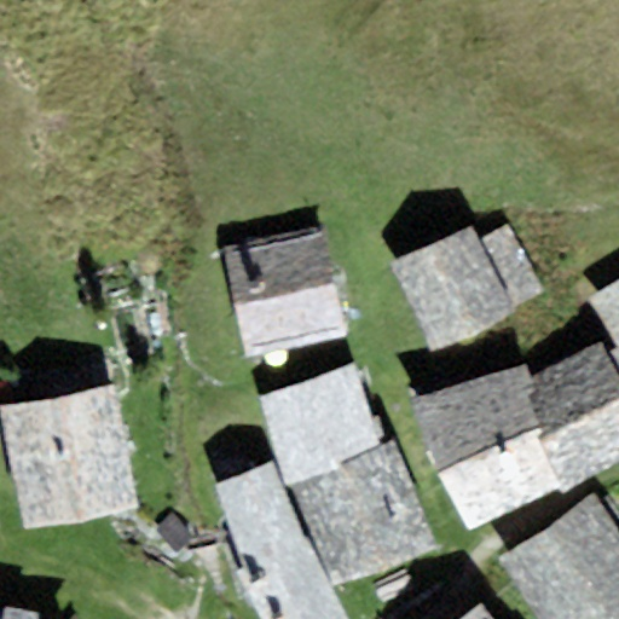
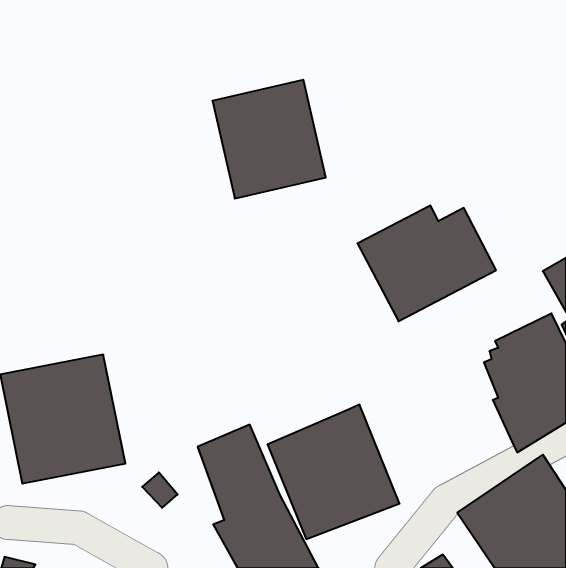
building: [225,226,348,355] -> [212,80,326,199]
building: [258,361,381,486] -> none
building: [411,364,560,528] -> none

